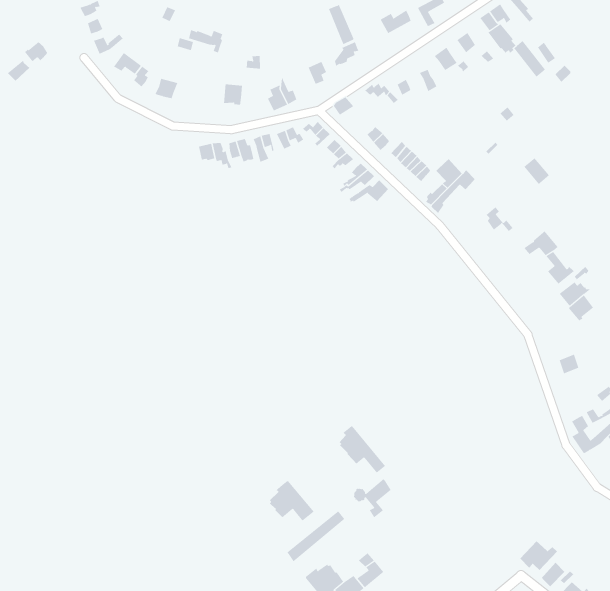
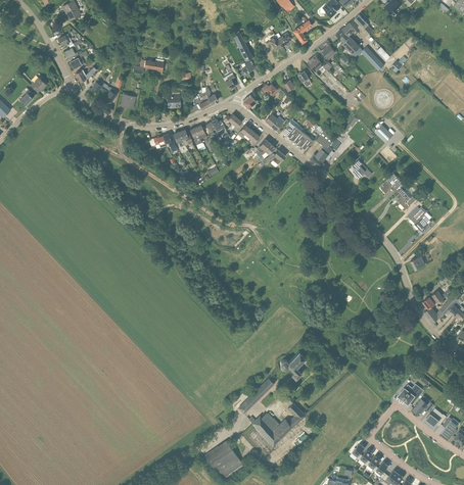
building: [339,426,386,473] -> none
building: [269,480,314,522] -> none

